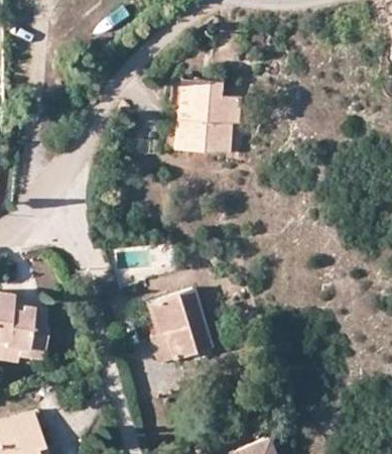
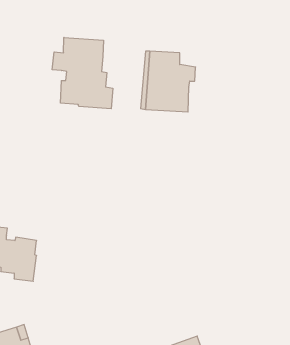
building: none -> [52,37,113,109]
building: [149,292,210,362] -> none

